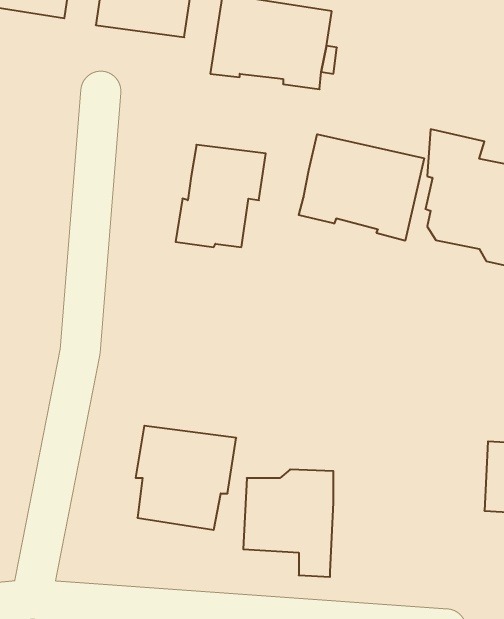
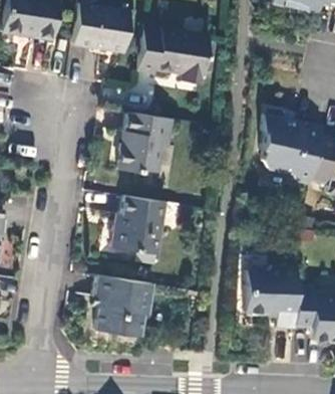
building: [299,134,424,241] -> none
building: none -> [111,196,164,254]
building: [243,469,333,577] -> [246,266,298,329]

